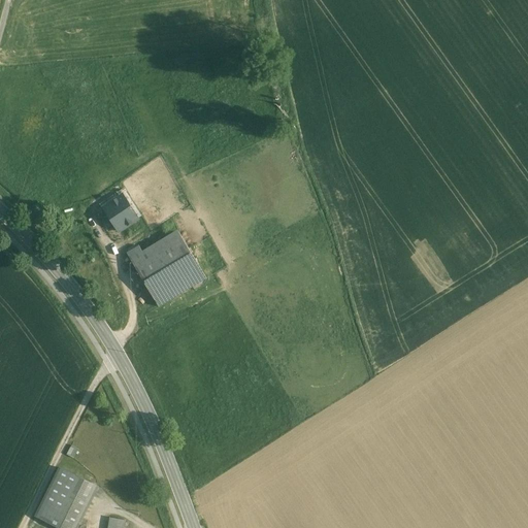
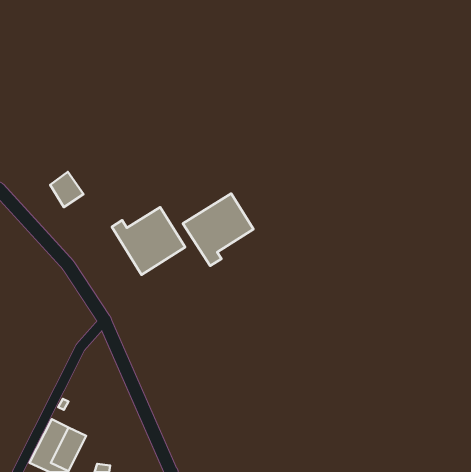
building: [102,192,139,231] -> [50,172,83,207]
building: none -> [183,194,253,266]

